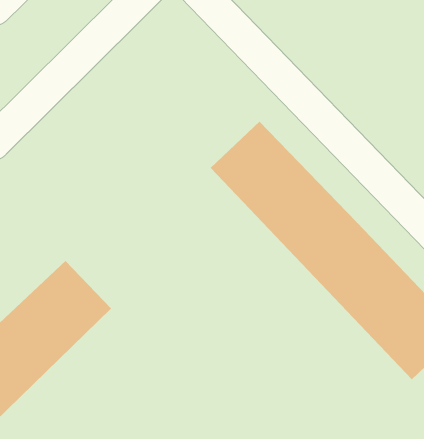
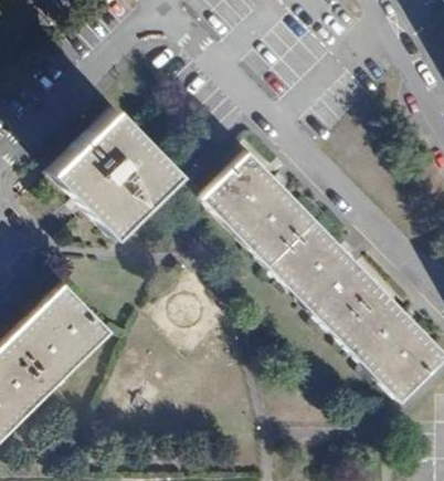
building: none -> [46,106,178,238]

